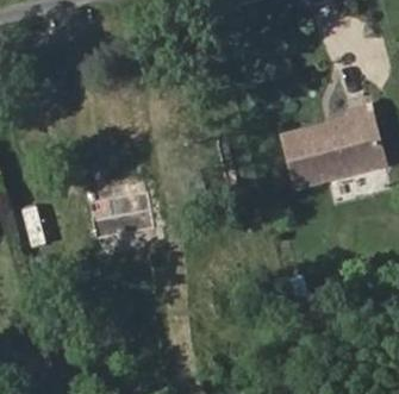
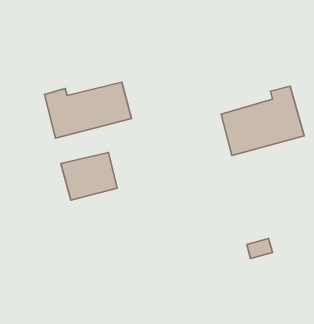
building: none -> [45,82,132,138]

